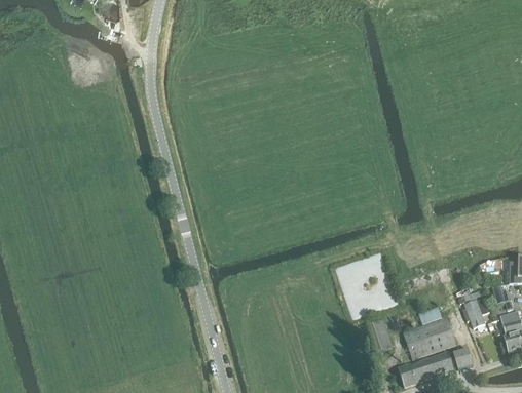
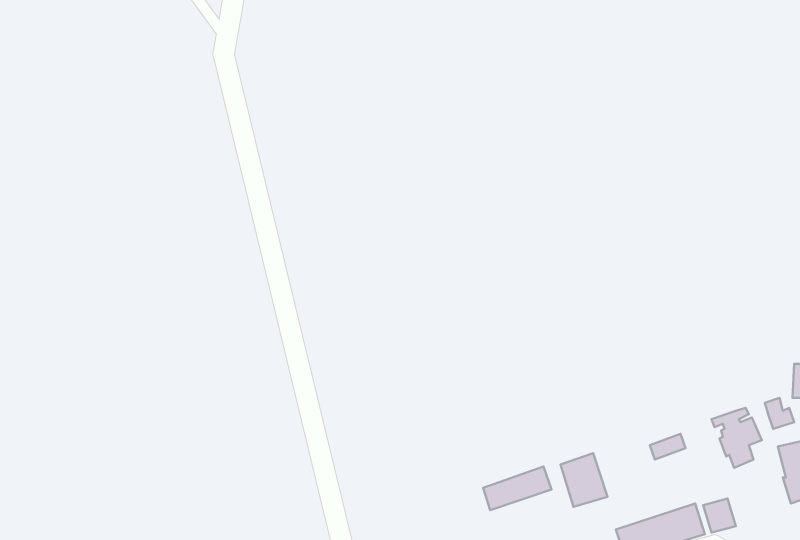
building: [404,319,456,361] -> none
building: none -> [483,467,552,510]

